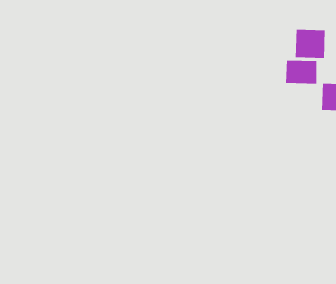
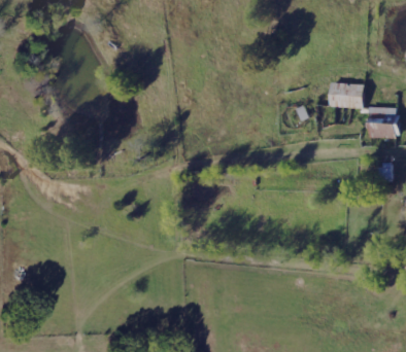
building: [295,29,325,59] -> none

